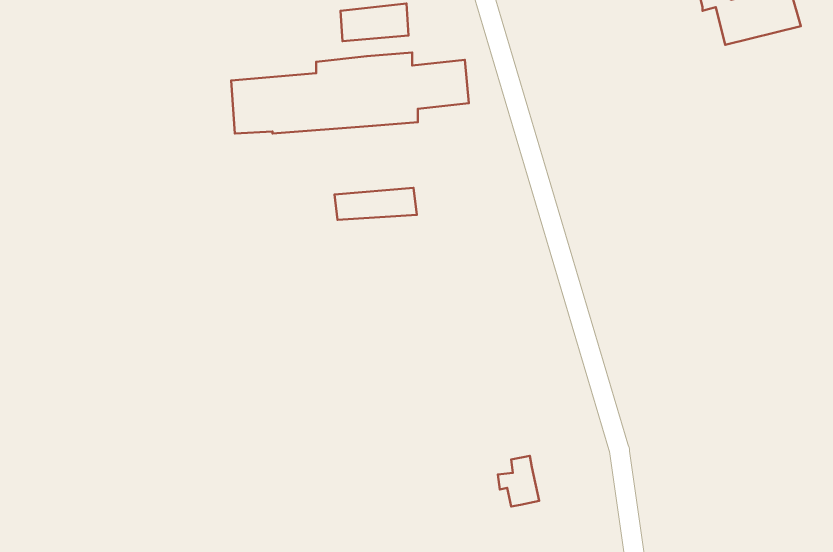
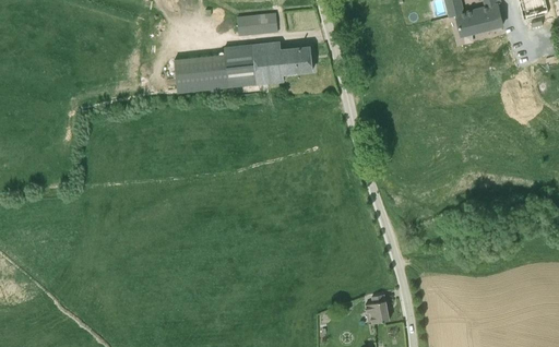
building: [334,188,417,220] -> none
building: [498,456,539,507] -> [366,294,390,323]

